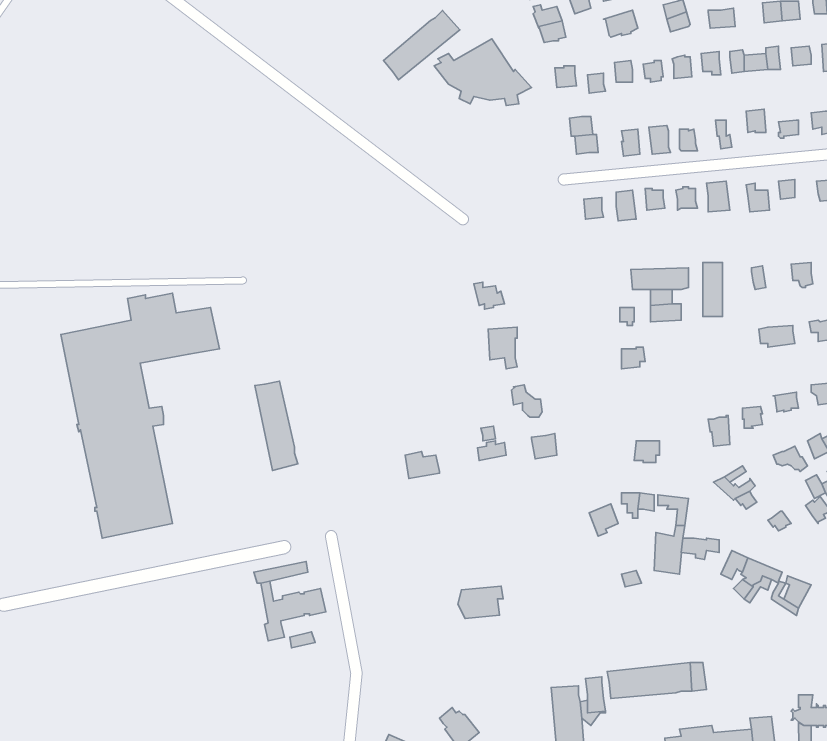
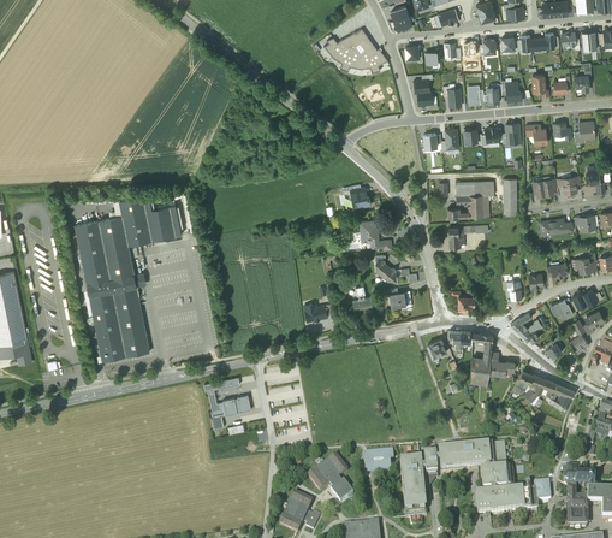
building: [384,11,460,80] -> none
building: [255,381,298,470] -> none
building: [458,586,503,619] -> [363,450,393,472]
building: none -> [308,454,347,491]
building: none -> [482,467,513,490]

